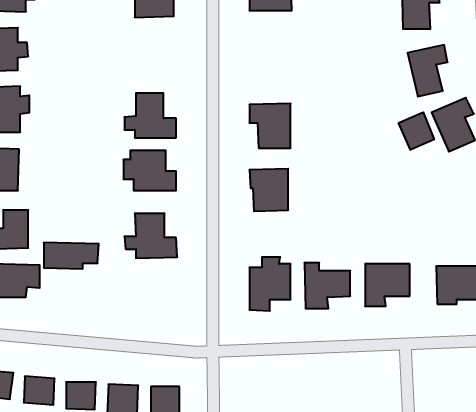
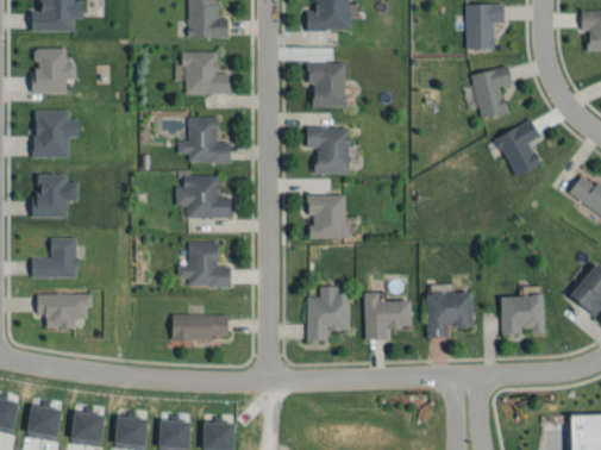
building: none -> [184,51,231,94]
building: none -> [308,64,346,107]
building: [399,112,434,150] -> none
building: [44,243,99,269] -> [173,314,230,342]

